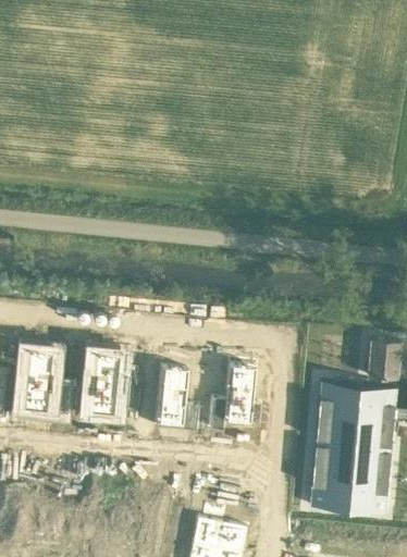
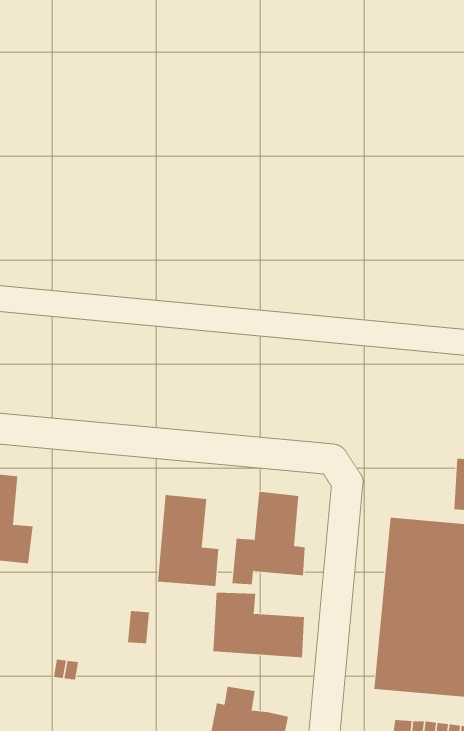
building: [72,352,121,412] -> none
building: none -> [213,592,305,658]

